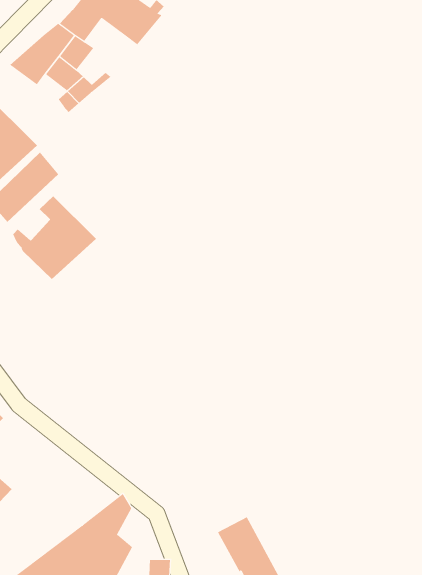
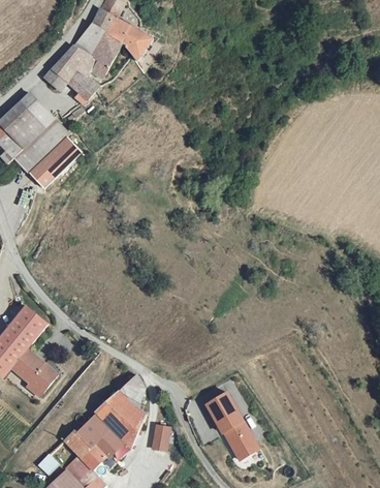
building: none -> [91,36,120,64]
building: [13,196,97,280] -> none

